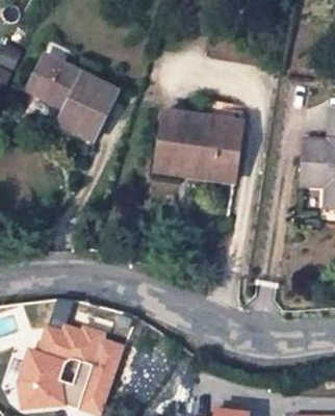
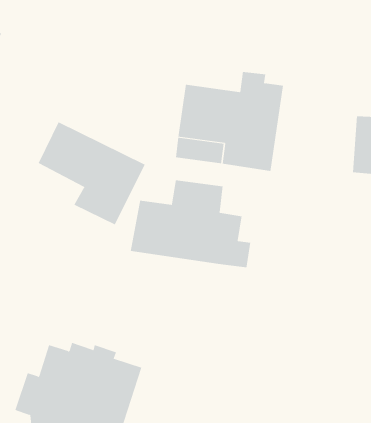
building: [28,54,117,139] -> [38,121,146,225]
building: none -> [130,179,251,268]

